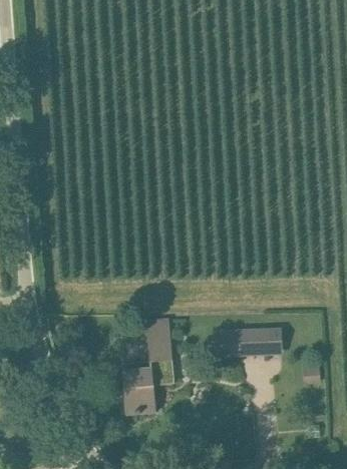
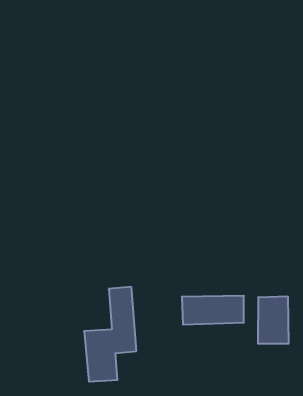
building: none -> [258,296,289,344]

